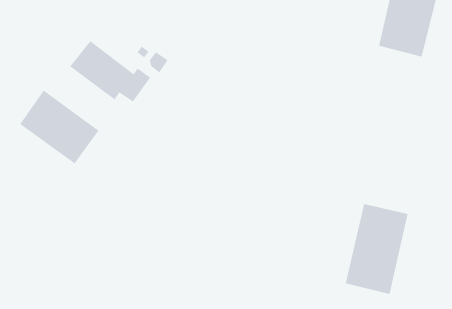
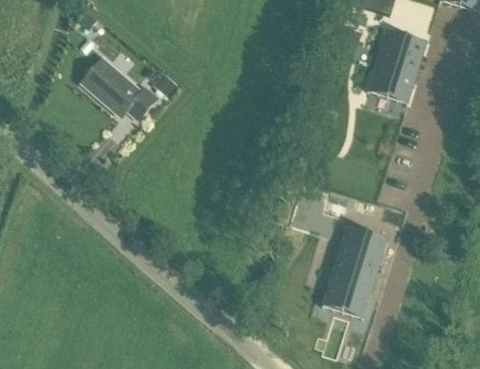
building: [19,90,100,164] -> none

